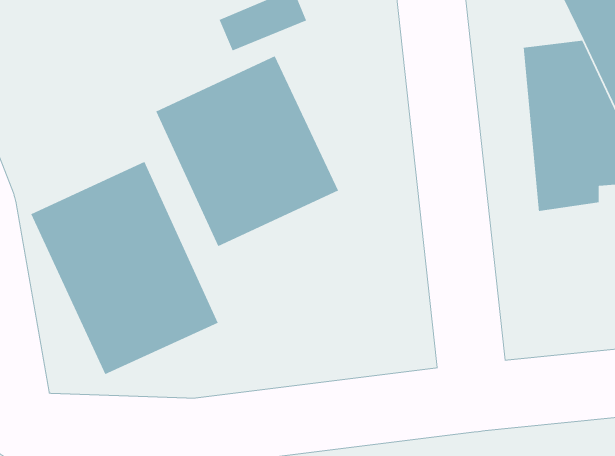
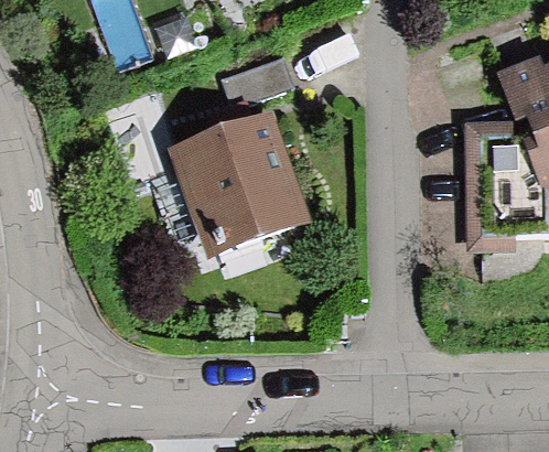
building: [30,161,219,375] -> none

